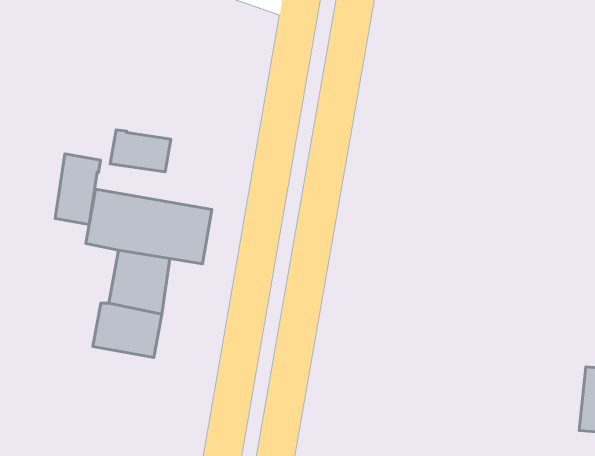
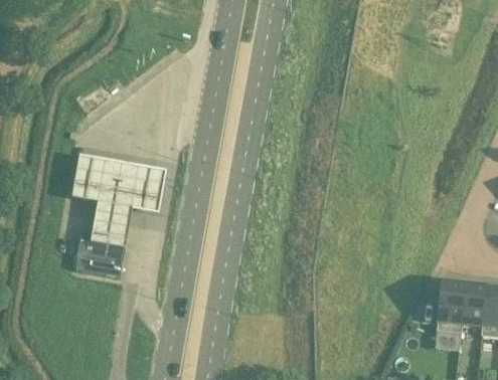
building: [110,130,171,172] -> none
building: [55,154,100,224] -> none

